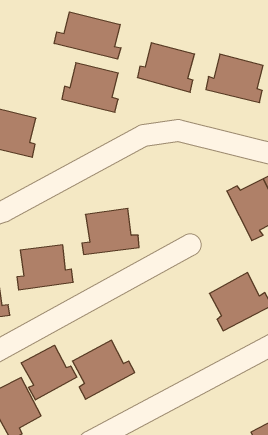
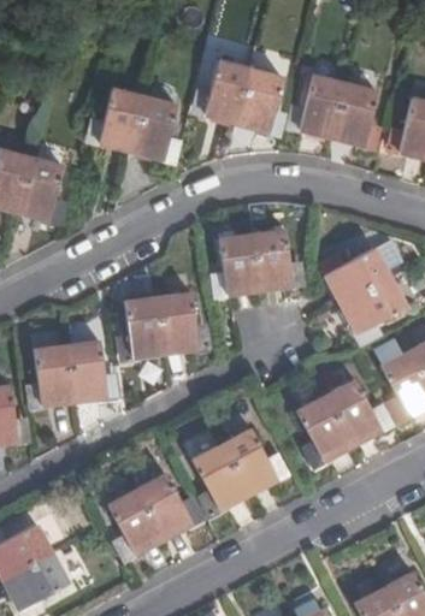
building: [54,12,121,59] -> none
building: none -> [218,230,299,294]
building: none -> [195,430,282,510]
building: [21,345,77,400] -> none

